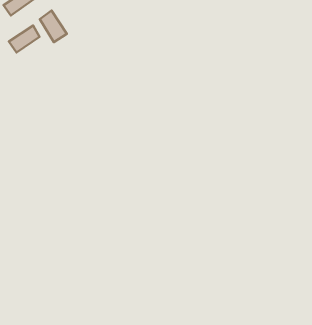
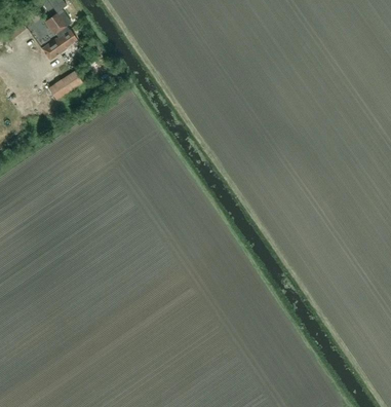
building: [40,11,67,42] -> none

